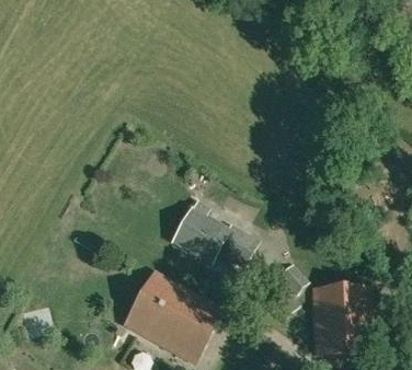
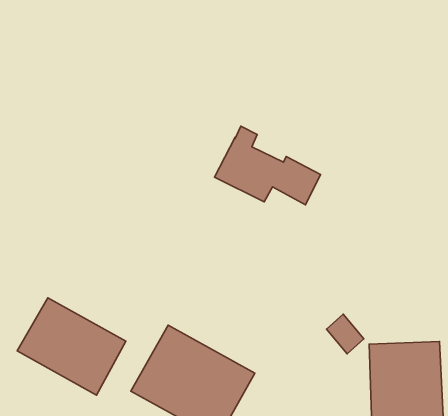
building: [172,201,256,264] -> [215,126,321,205]
building: none -> [17,298,126,395]

